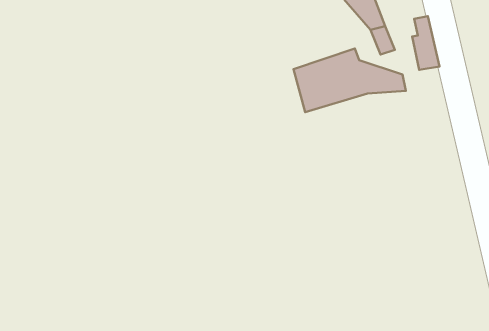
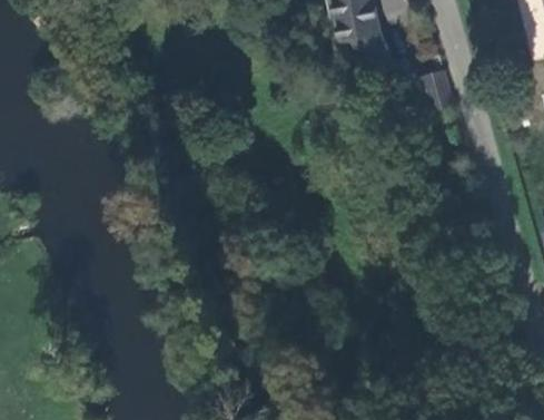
building: [293,48,406,112] -> none

